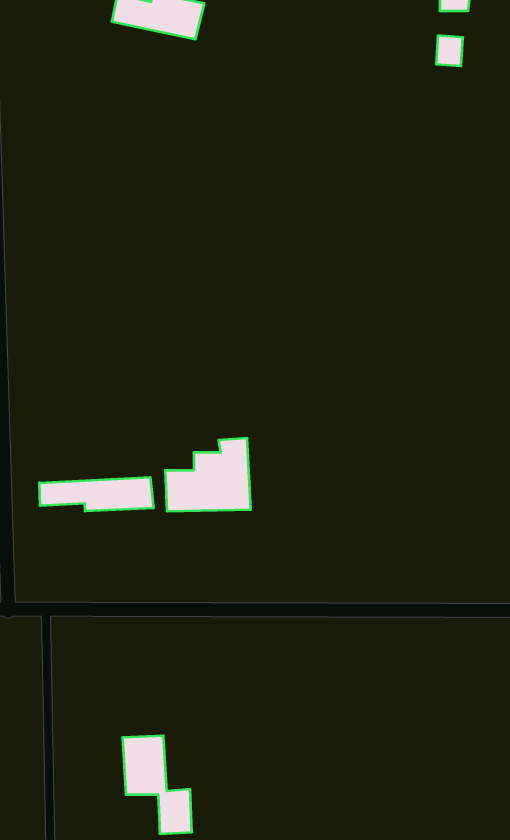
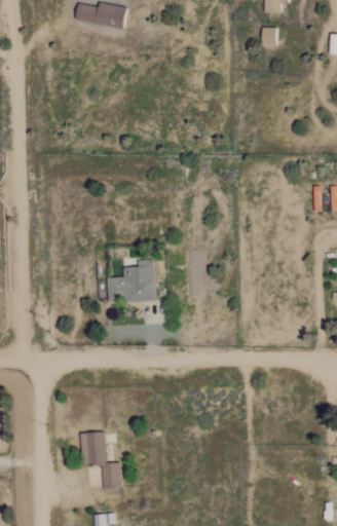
building: [39,477,153,511] -> none

